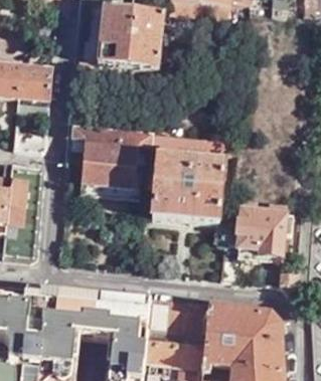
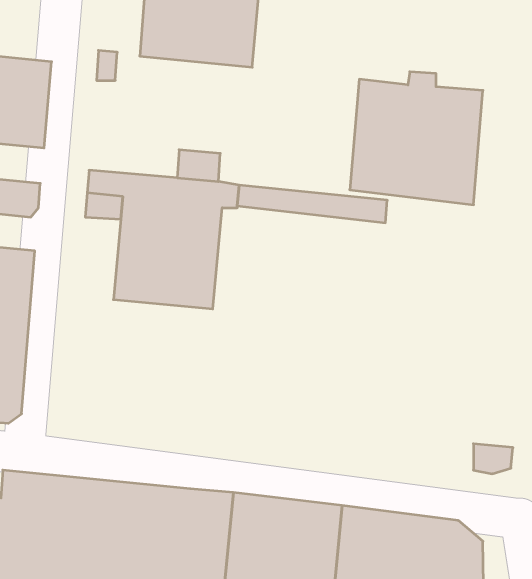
building: [153,153,224,224] -> [350,72,483,205]
building: [237,199,296,260] -> none

